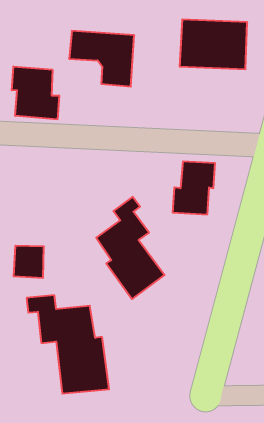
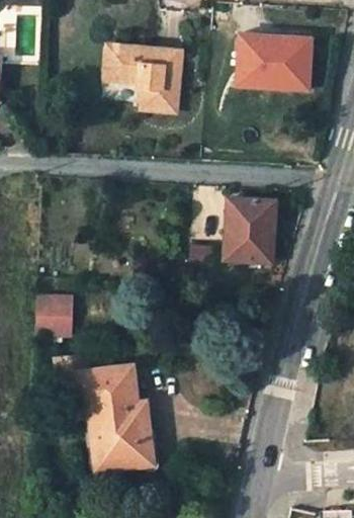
building: [12,66,59,119] -> none
building: [96,197,165,299] -> none

